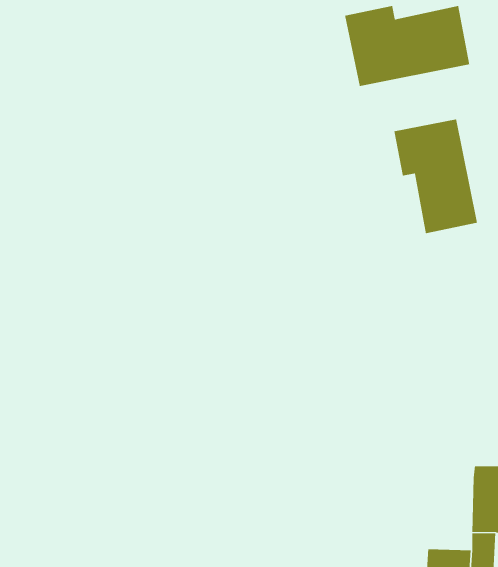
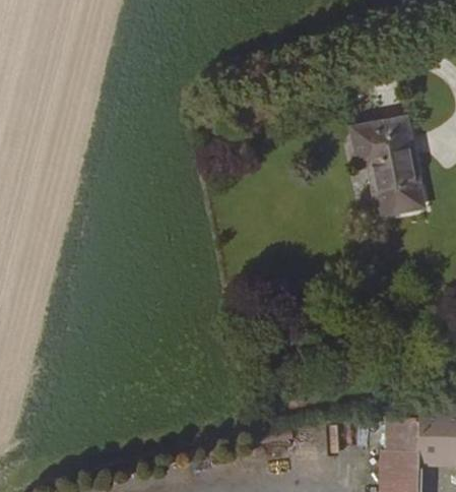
building: [345,5,470,87] -> none
building: none -> [381,416,418,478]

